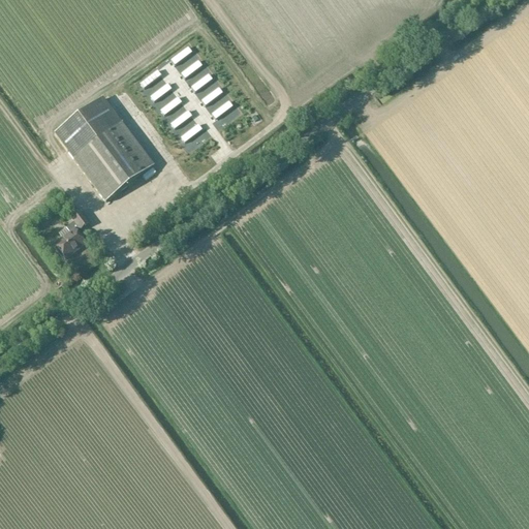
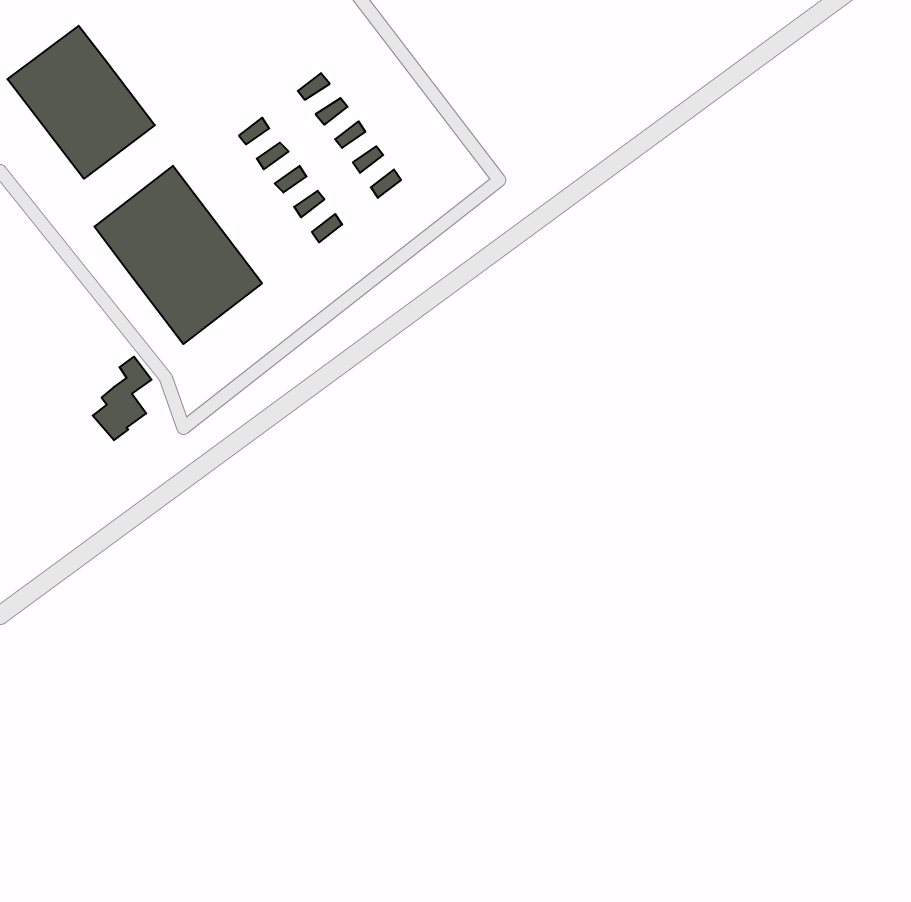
building: none -> [7,26,155,179]

